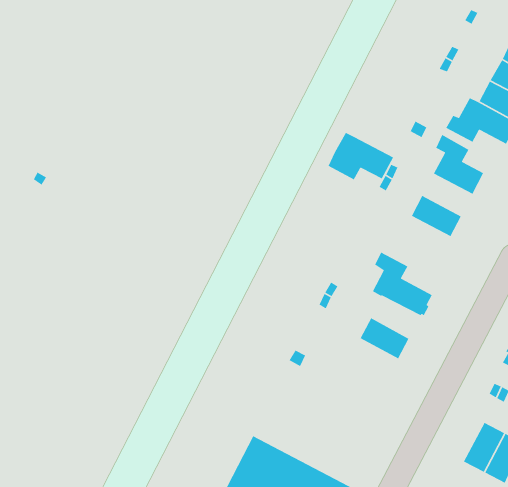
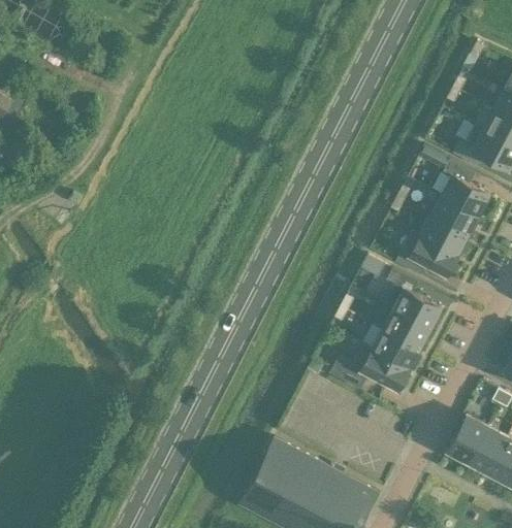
building: [328,132,394,181] -> [396,232,458,277]
building: none -> [431,197,479,236]
building: none -> [384,310,430,350]
building: none -> [330,345,410,391]
building: none -> [449,417,489,464]

